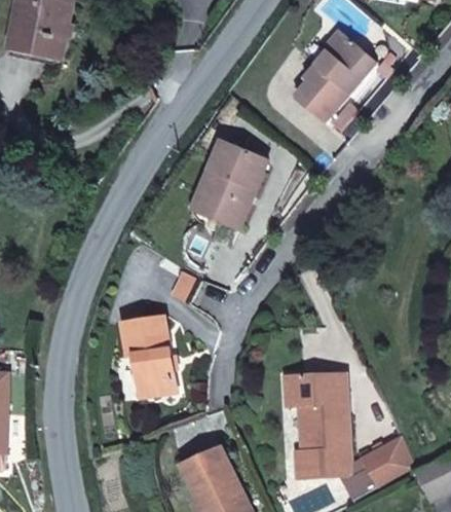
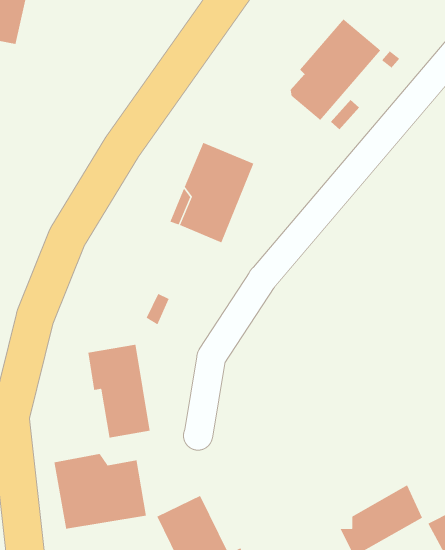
building: [285,372,349,478] -> none
building: none -> [54,453,147,529]

